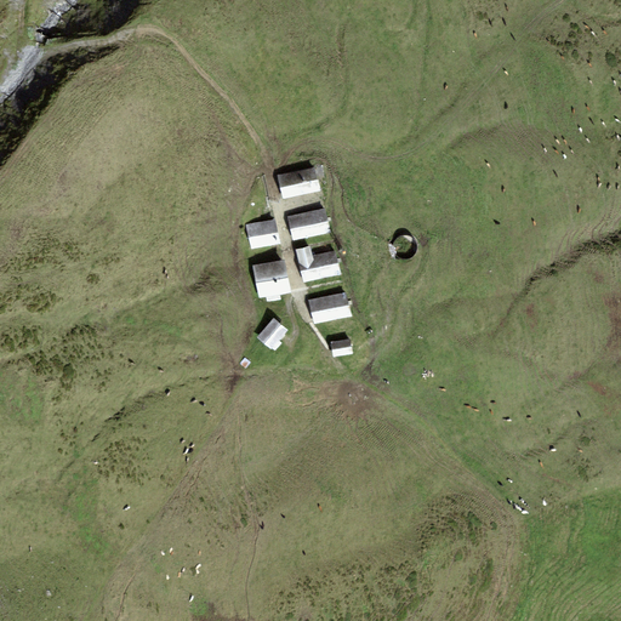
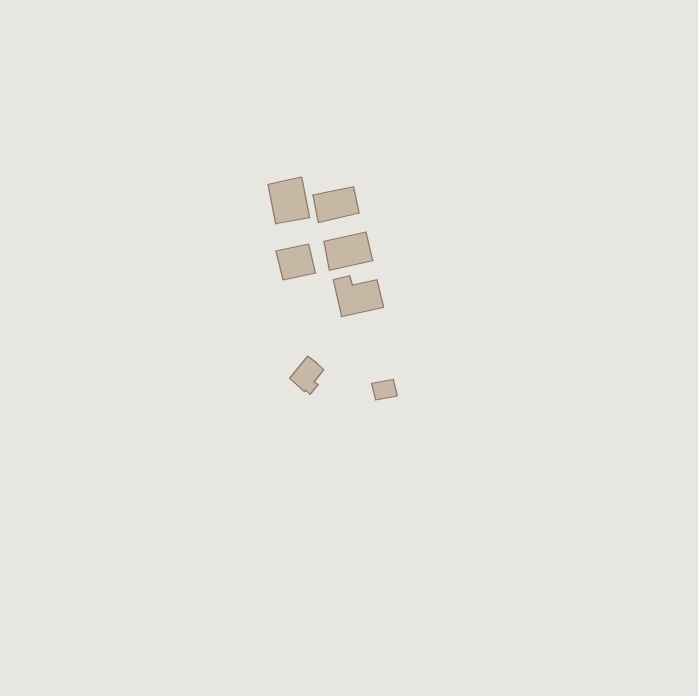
building: none -> [268,177,310,224]
building: [252,258,291,297] -> none
building: [308,291,352,323] -> none

